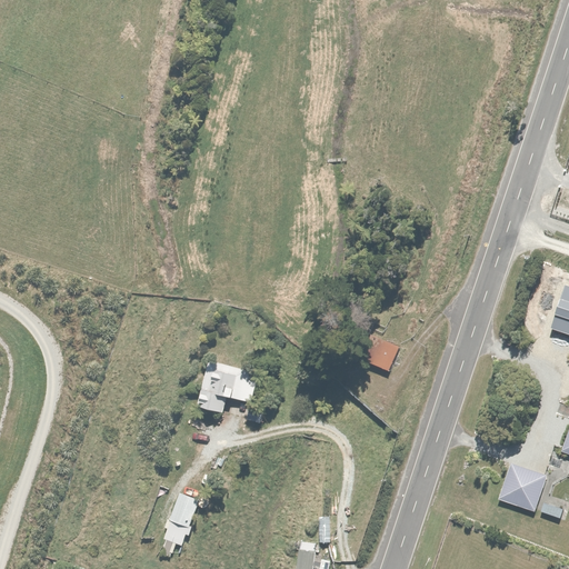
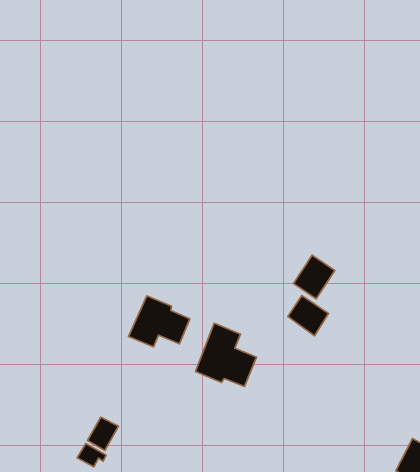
building: none -> [294,255,335,299]
building: none -> [195,323,257,386]

